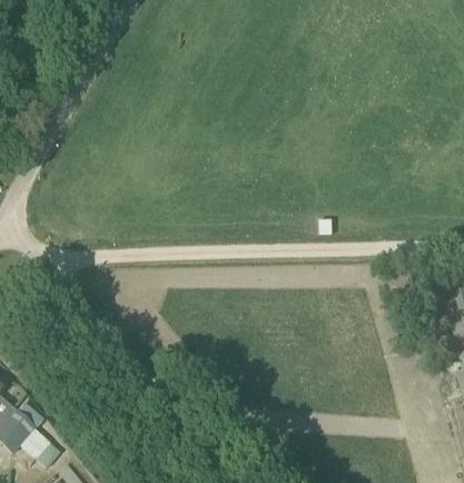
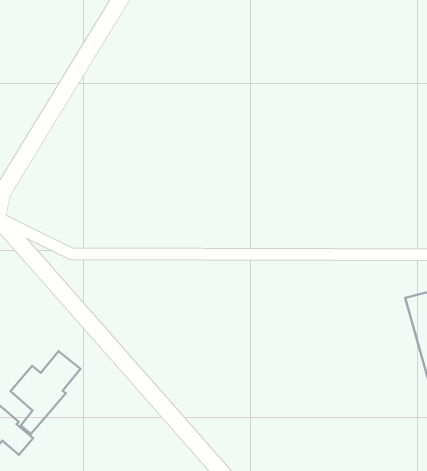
building: none -> [11,351,80,434]

